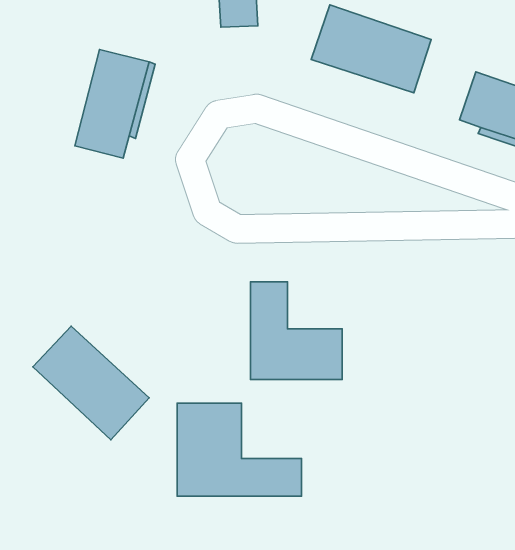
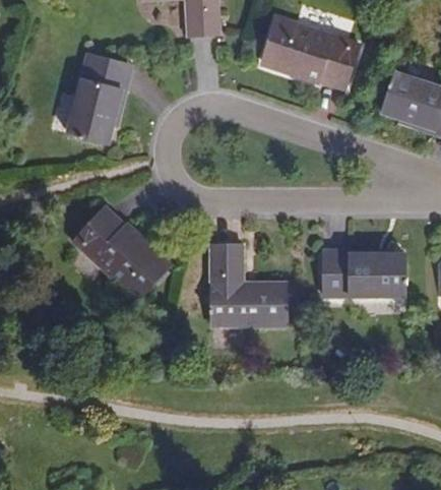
building: none -> [322,254,403,296]
building: [33,326,149,440] -> [73,206,169,300]
building: [177,403,301,496] -> none

